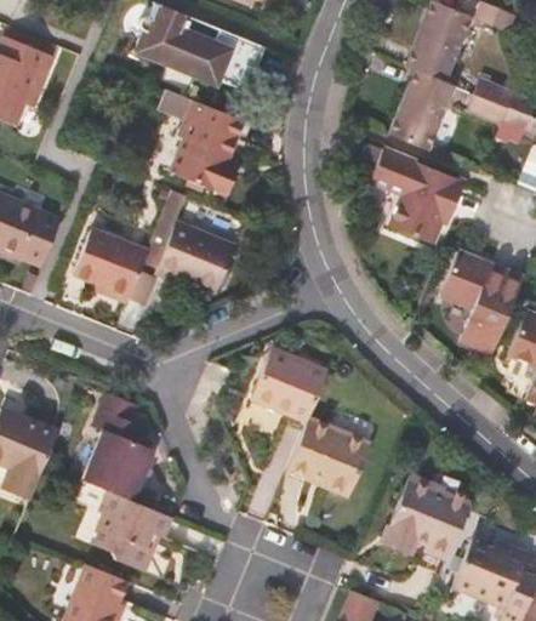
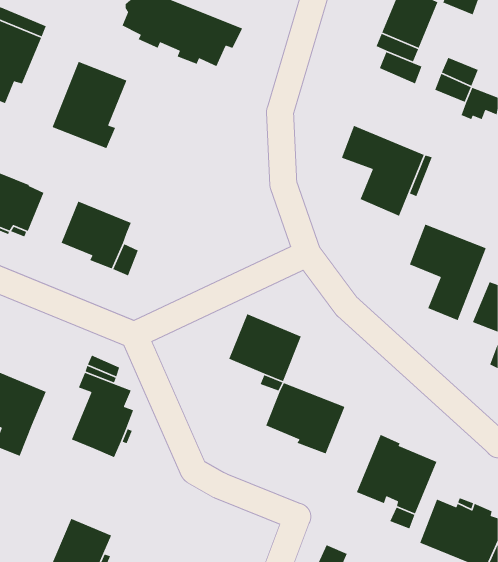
building: [389,89,447,150] -> none
building: [165,99,245,193] -> [52,61,128,149]
building: [143,189,235,292] -> none
building: [97,490,169,571] -> none

